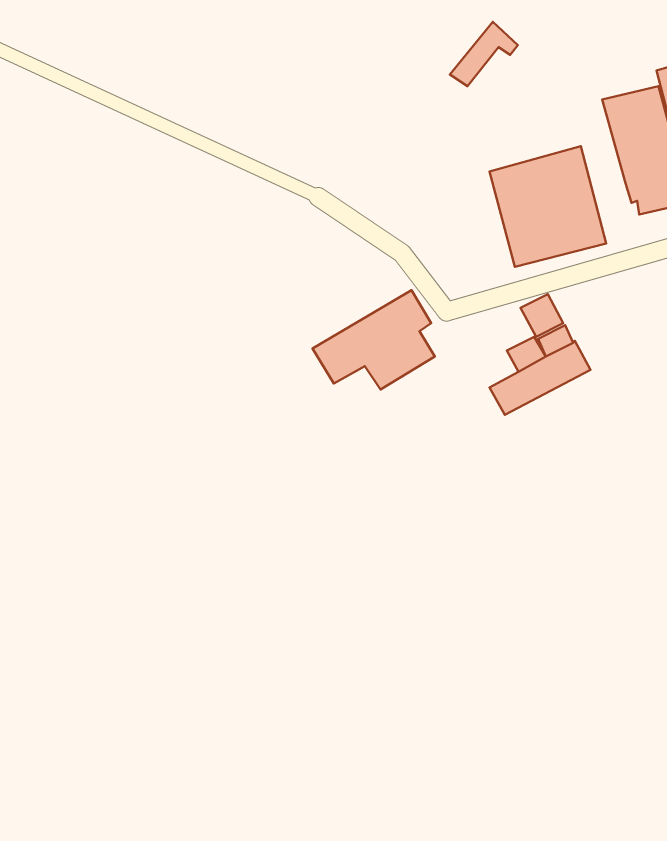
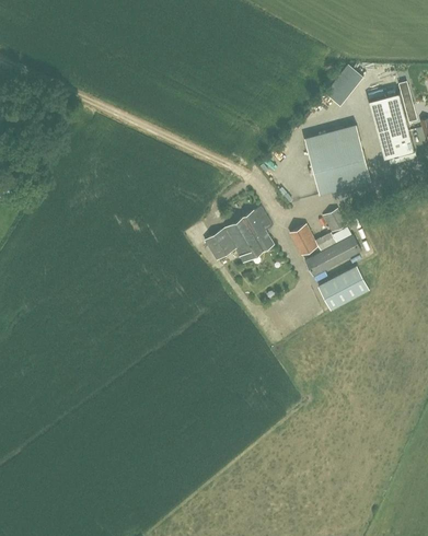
building: [450,22,518,86] -> [324,63,362,100]
building: none -> [289,224,317,256]
building: none -> [317,264,371,308]

